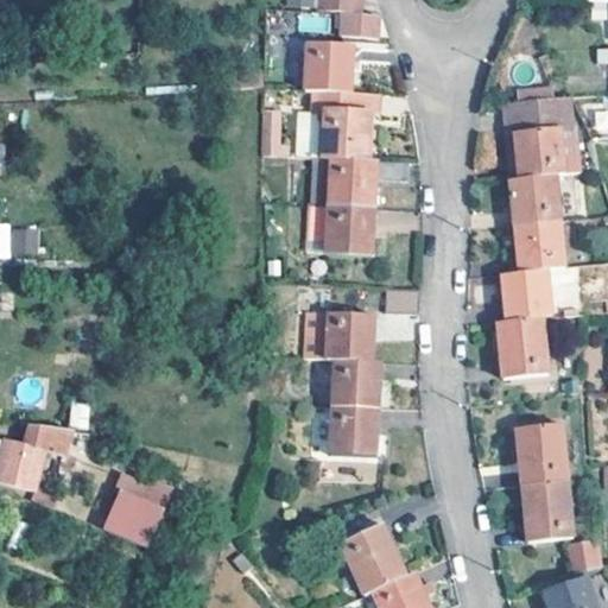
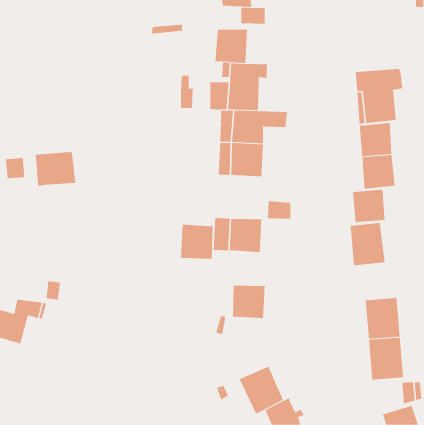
building: none -> [35,151,76,187]
building: [331,357,379,407] -> [180,224,213,259]
building: [102,480,166,552] -> none

